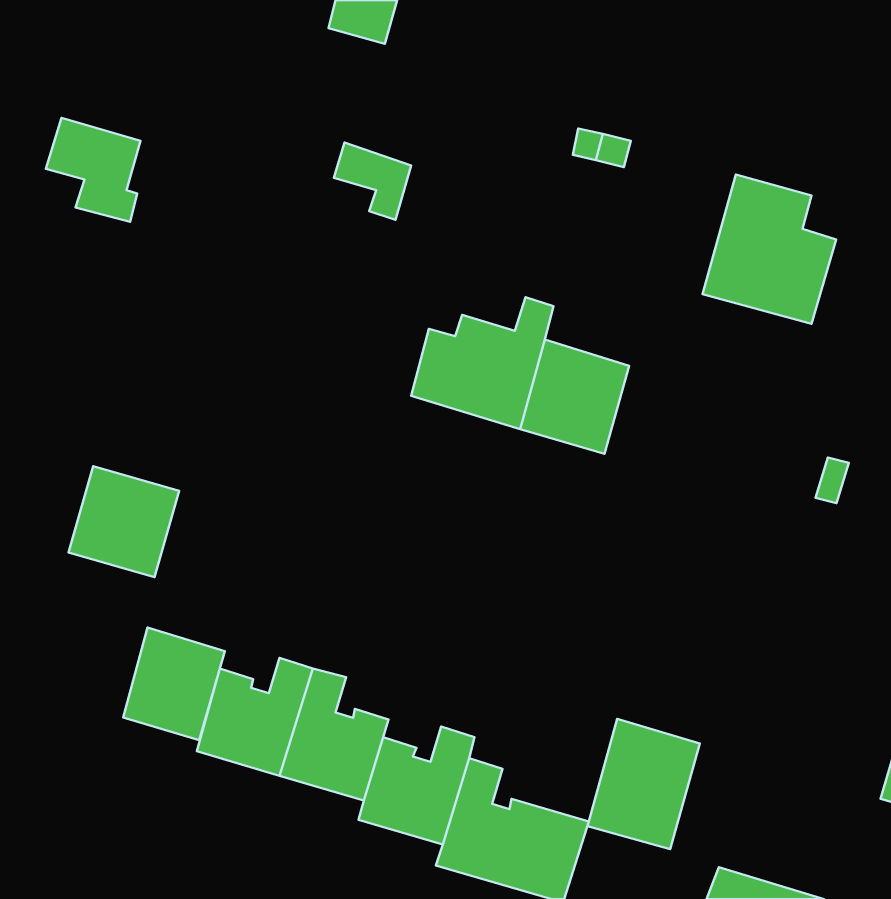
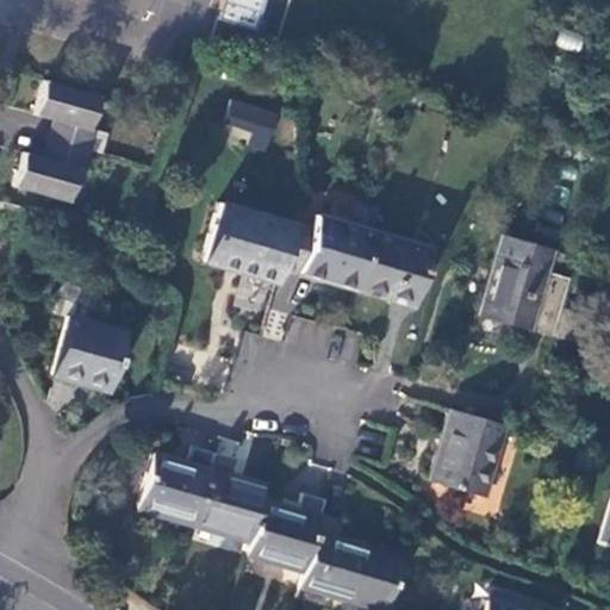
building: [702,174,836,324] -> [480,235,571,336]
building: none -> [15,141,93,201]
building: none -> [204,201,295,282]
building: [123,628,225,740] -> none
building: [587,719,700,849] -> [430,409,506,497]

